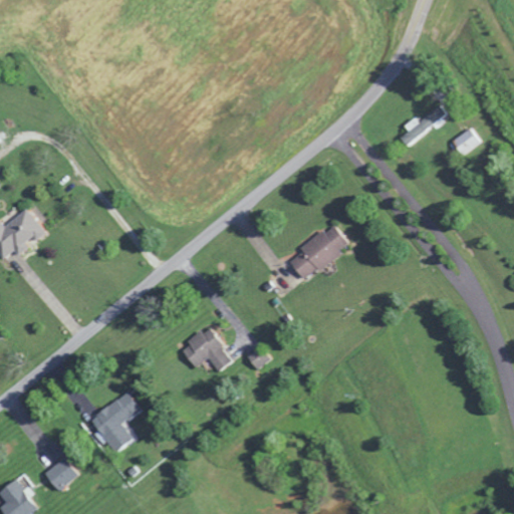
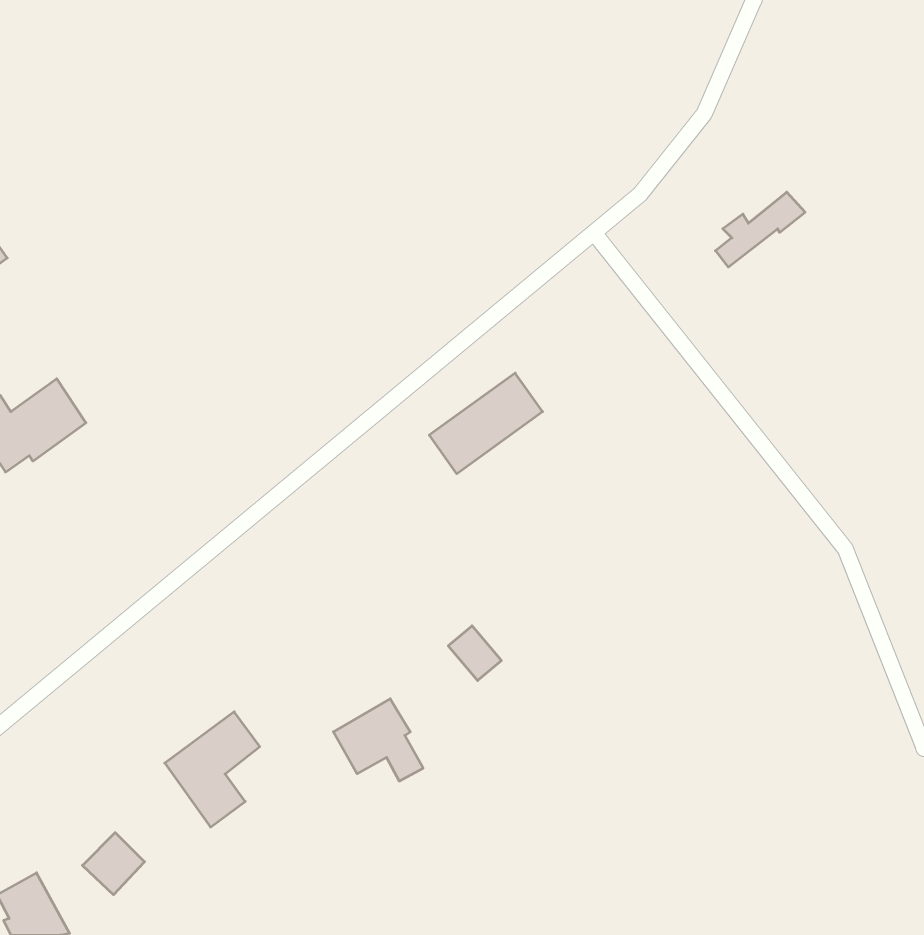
building: [446,127,476,156] -> none
building: [288,224,350,279] -> [429,373,543,474]
building: [182,327,231,372] -> [333,699,423,781]

